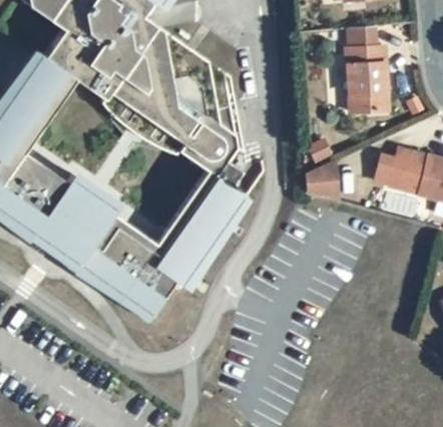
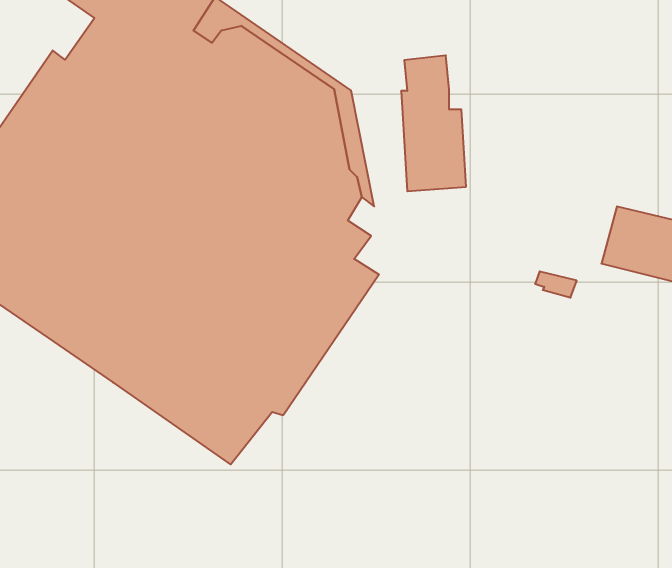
building: [345,26,387,114] -> [401,55,466,191]
building: [303,161,335,198] -> none

